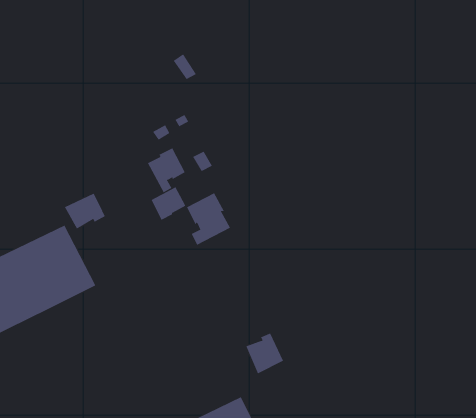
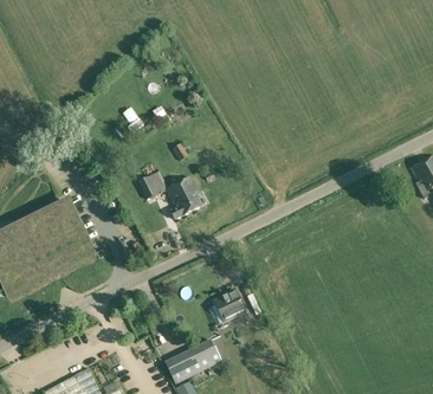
building: [147,147,186,193] -> none
building: [64,193,105,230] -> none

